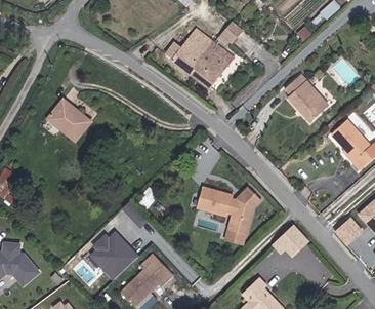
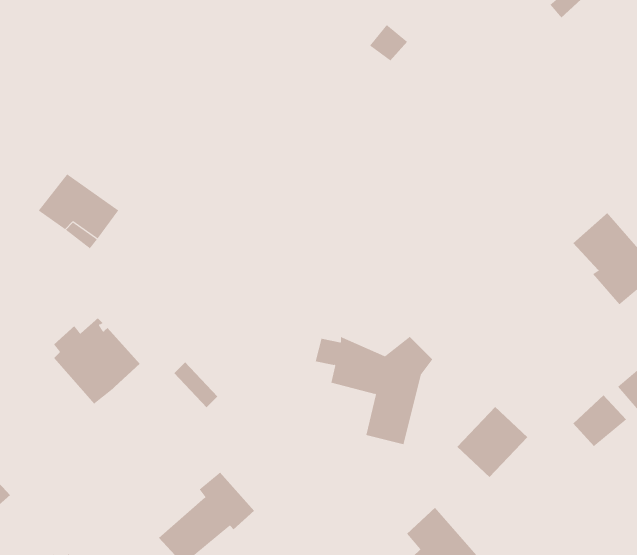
building: [174,28,235,86] -> none
building: [287,75,330,122] -> none
building: [89,231,135,277] -> [53,317,140,405]

